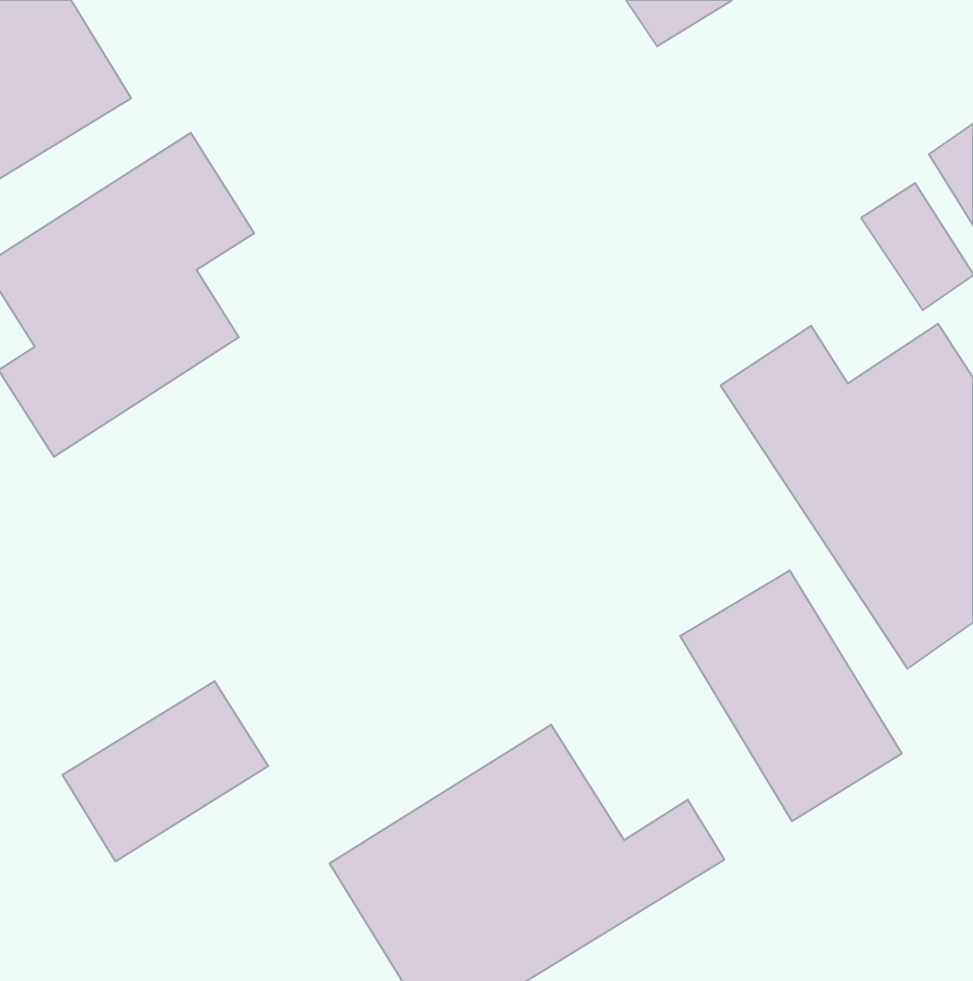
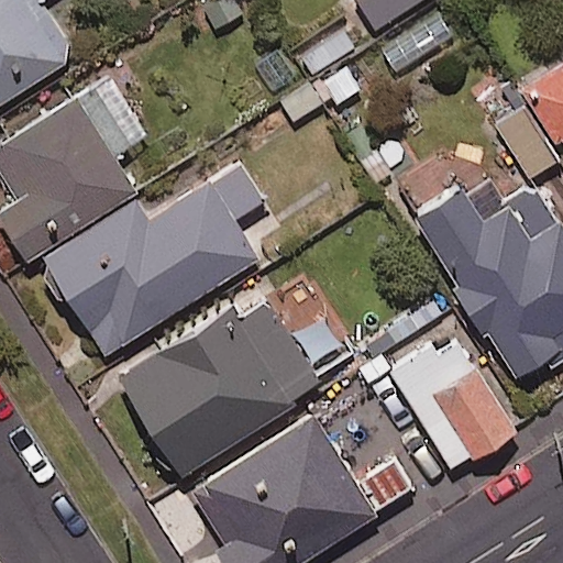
building: none -> [46,163,263,354]
building: none -> [121,299,322,475]
building: [62,681,268,861] -> none

